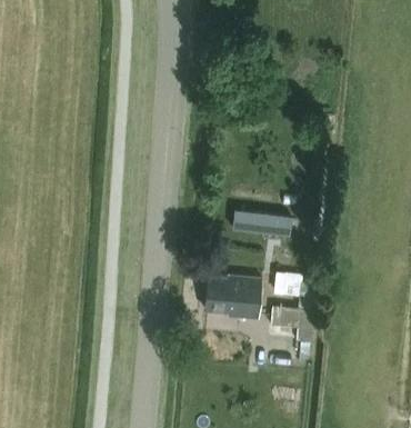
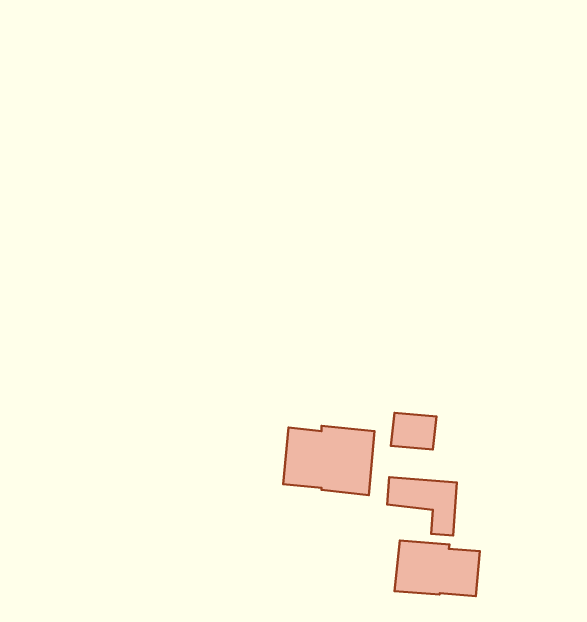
building: [231,210,291,236] -> none
building: none -> [394,540,480,596]

